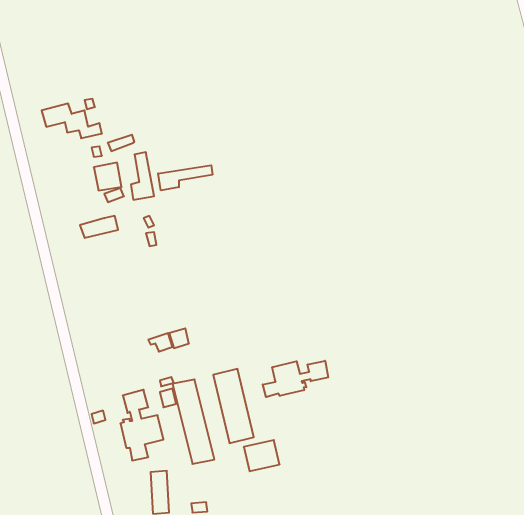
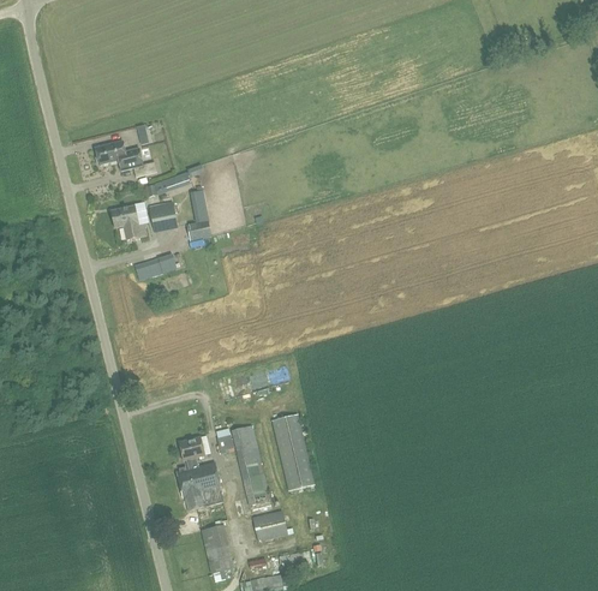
building: [158,165,212,190] -> none
building: none -> [110,204,145,239]
building: [263,361,328,397] -> none
building: [244,440,280,471] -> [251,509,288,542]

